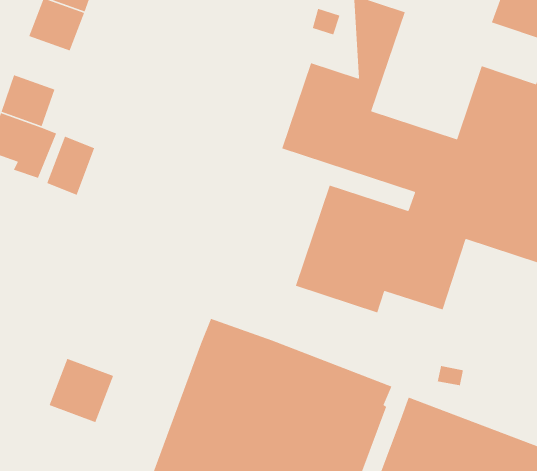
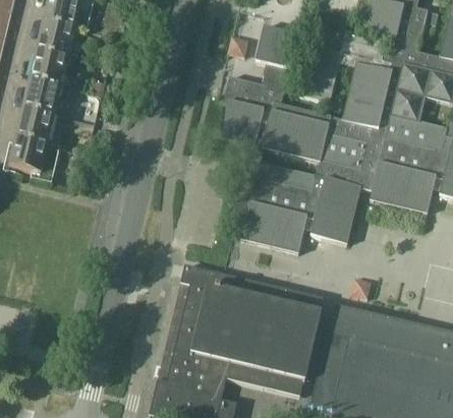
building: none -> [20,80,59,116]
building: [46,136,95,196] -> none
building: [49,358,114,423] -> none

